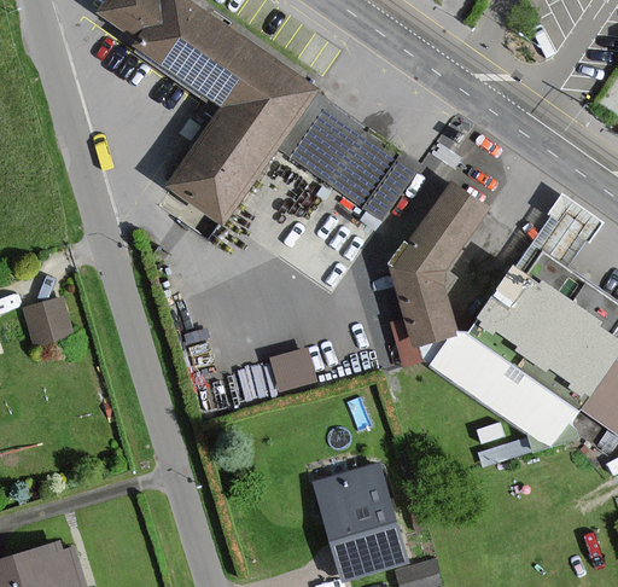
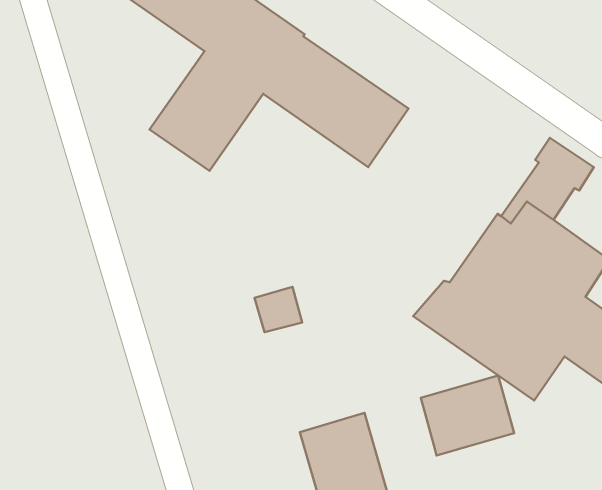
building: [390,182,488,344] -> none
building: [27,300,74,342] -> none
building: none -> [421,376,514,455]

